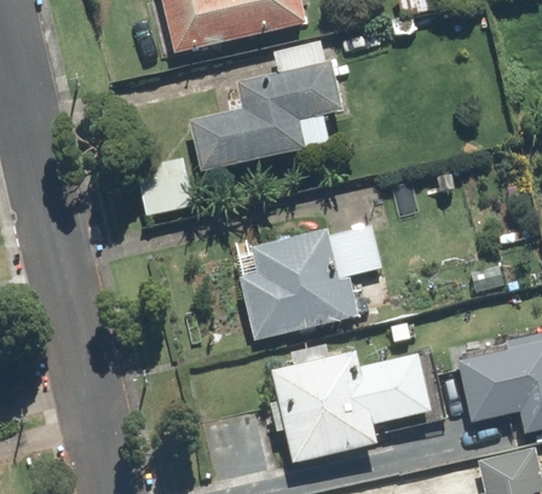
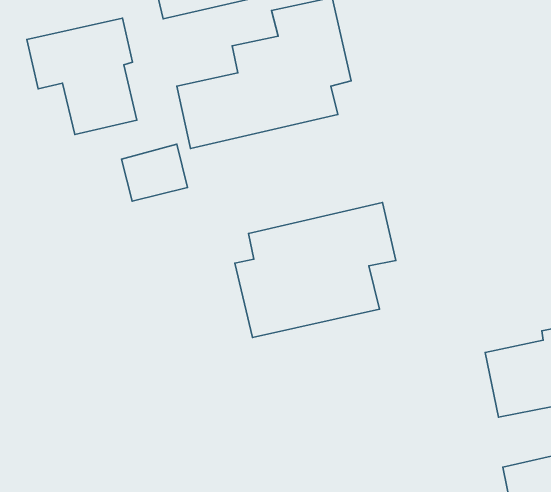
building: none -> [27,18,137,134]
building: [265,345,440,463] -> none

